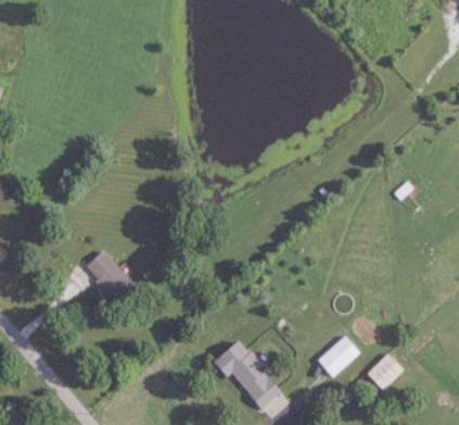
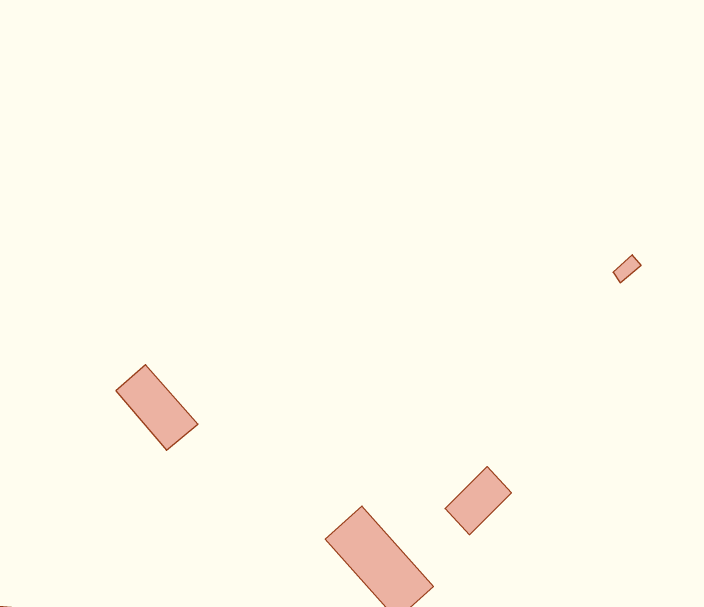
building: [317,335,358,377] -> [445,467,511,535]
building: [366,352,403,389] -> none

